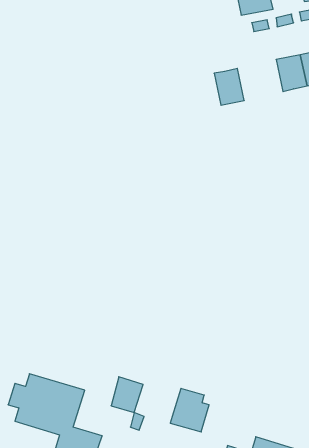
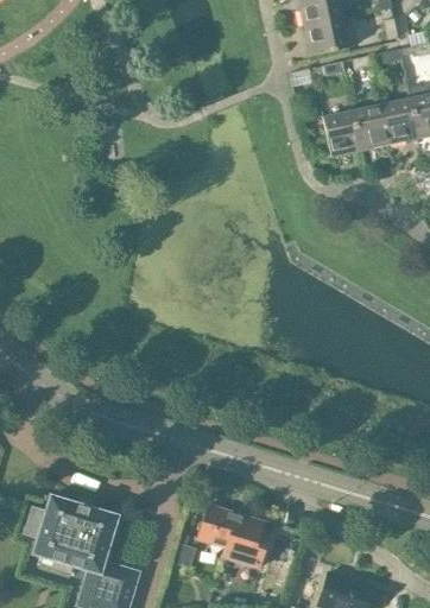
building: [214,68,244,105] -> [324,110,361,156]
building: [111,377,143,413] -> [197,504,236,547]

